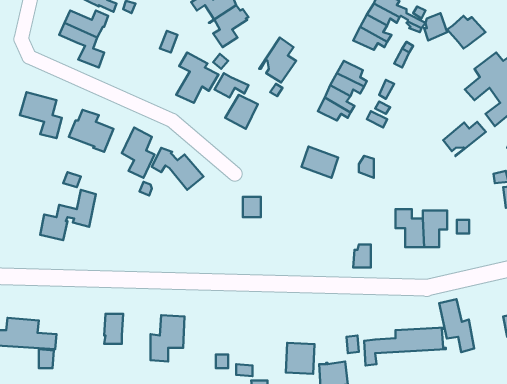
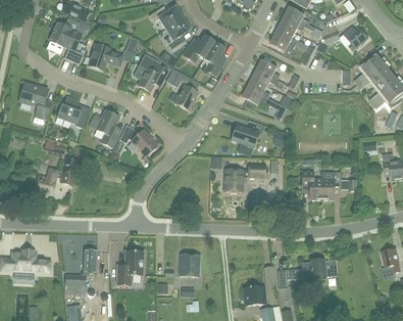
building: none -> [183,35,214,64]
building: none -> [88,42,122,68]
building: [443,122,486,156] -> none
building: none -> [224,164,265,190]
building: [439,299,474,352] -> none
building: [286,343,314,374] -> [179,251,200,275]
building: none -> [64,273,86,292]

